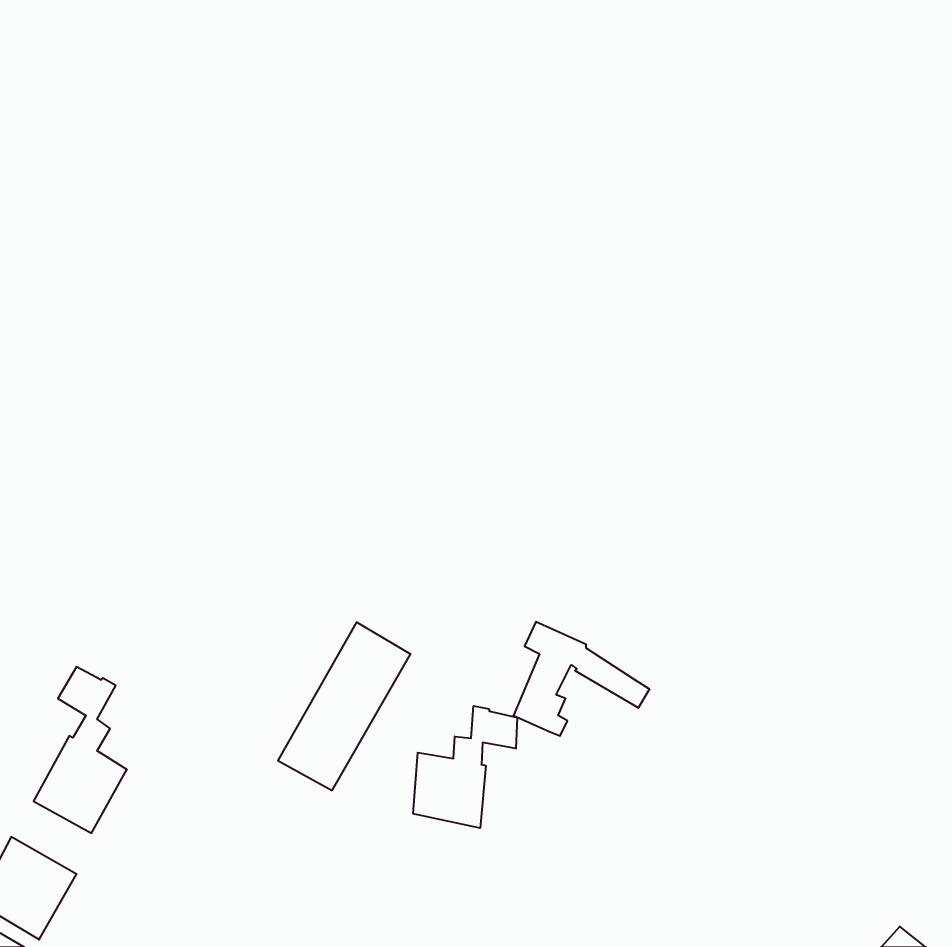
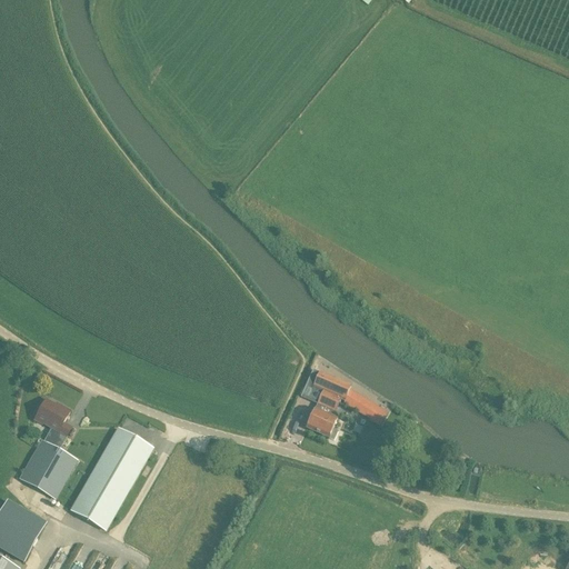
building: [278,622,411,790] -> [72,427,151,527]
building: [413,706,517,828] -> none

